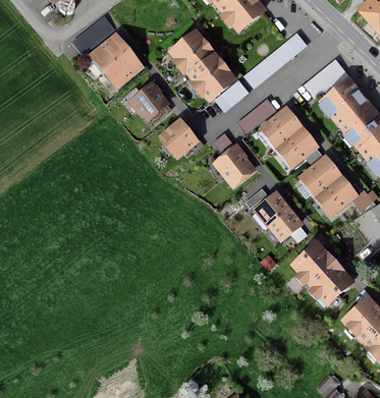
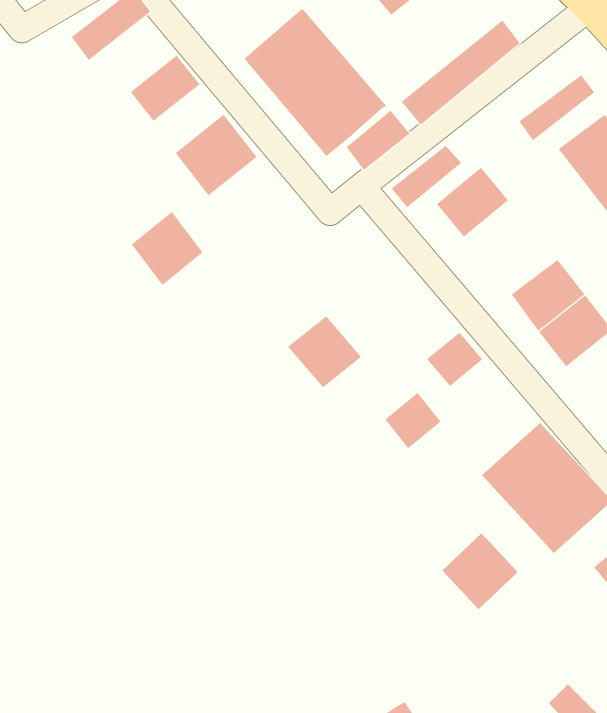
building: [91,36,127,71] -> none
building: [159,119,197,158] -> [131,211,204,286]
building: [276,127,315,166] -> none
building: [215,147,254,184] -> [287,315,362,388]
building: [269,210,298,239] -> [384,392,441,449]
building: none -> [442,532,518,610]

